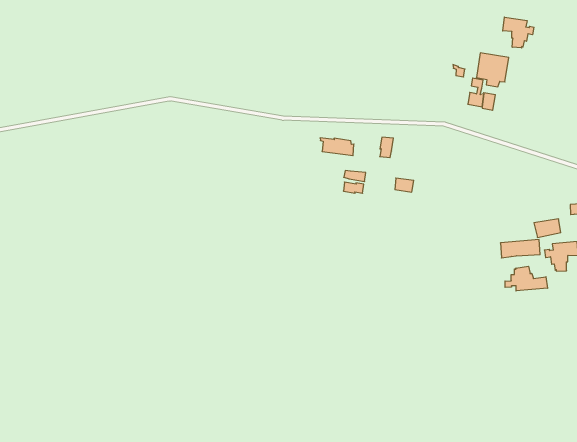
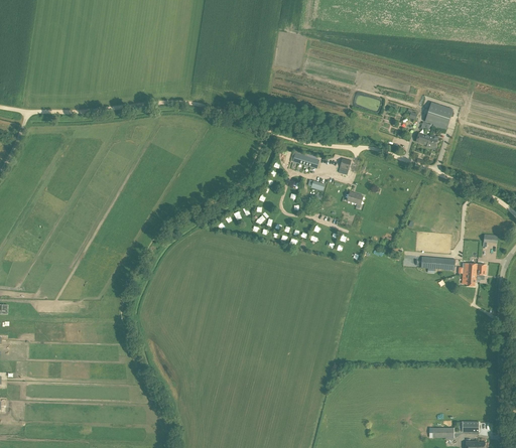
building: [503,17,534,48] -> none
building: [505,266,548,291] -> none

